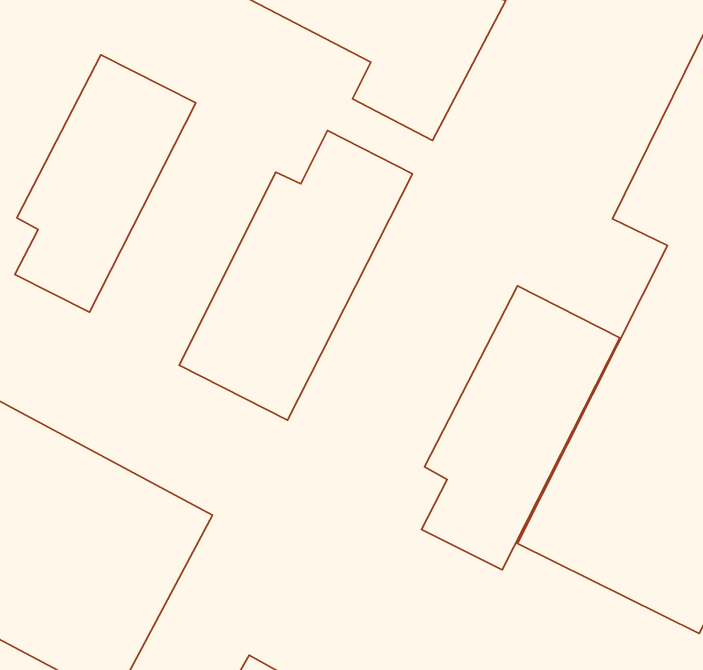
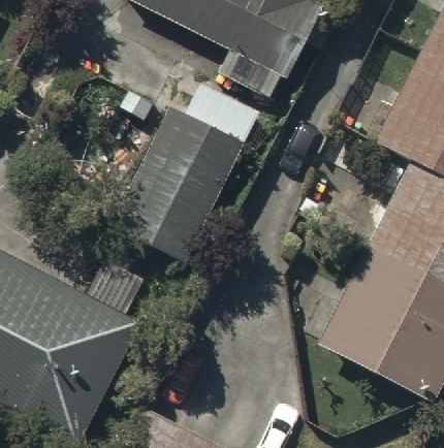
building: [15,55,196,312] -> none
building: [422,286,620,570] -> none

